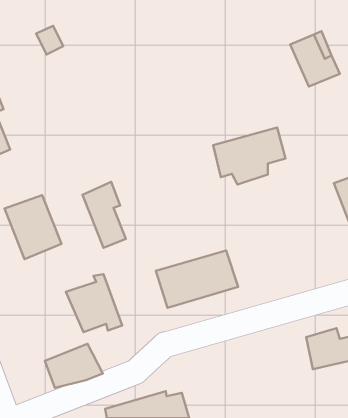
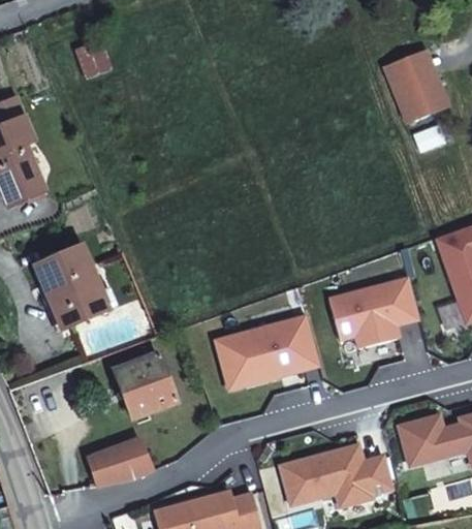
building: [213,127,286,185] -> [333,279,421,349]
building: [82,182,126,248] -> none
building: none -> [282,446,395,507]

